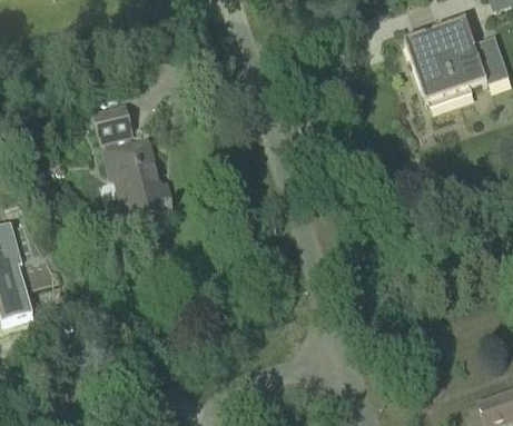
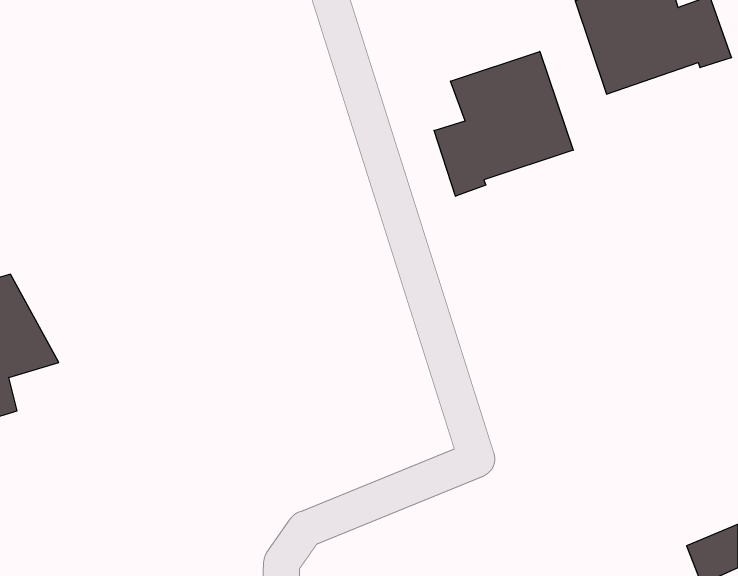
building: none -> [434,51,573,196]
building: [92,106,169,219] -> none

